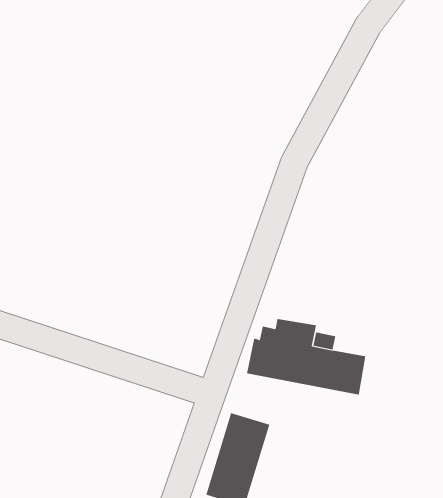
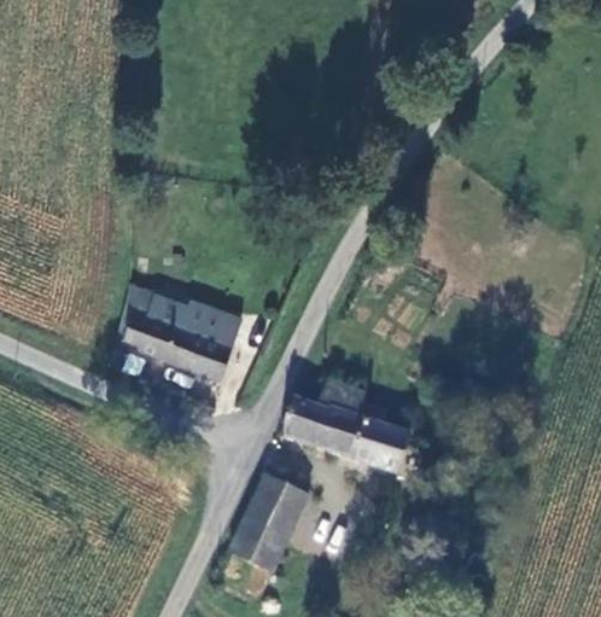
building: none -> [118,291,239,377]

